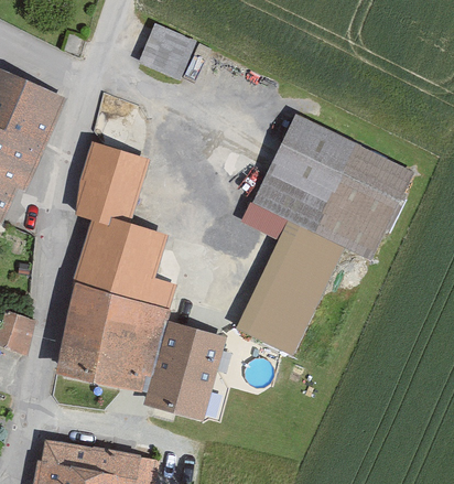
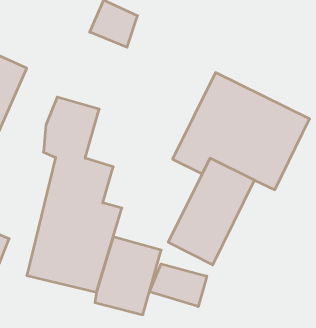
building: none -> [149,264,207,307]

